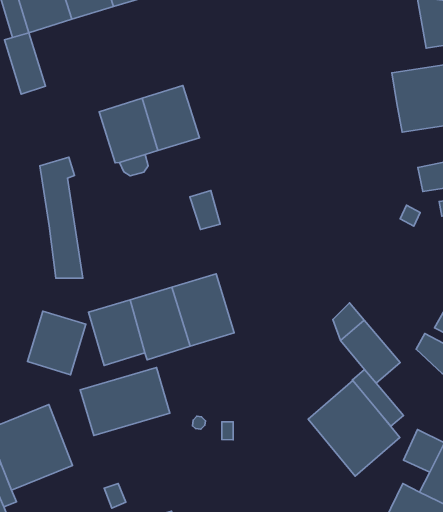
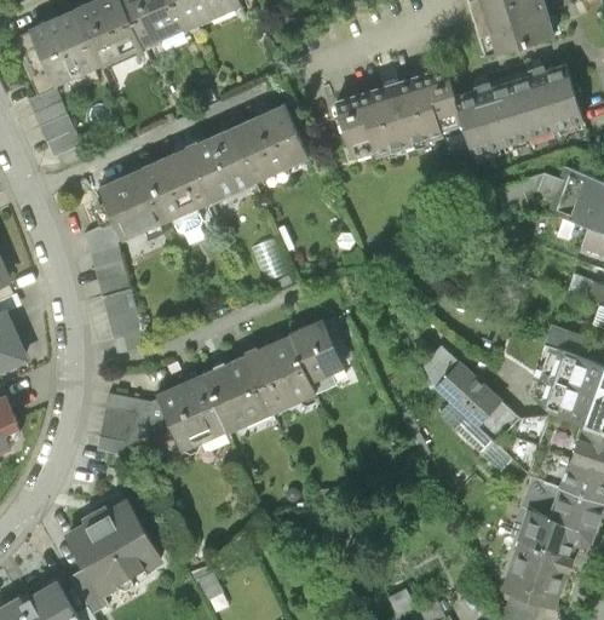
building: none -> [336,67,464,153]
building: none -> [229,105,310,185]
building: none -> [99,171,166,243]
building: none -> [291,315,345,392]
building: [80,367,170,435] -> none
building: [308,381,400,476] -> none

